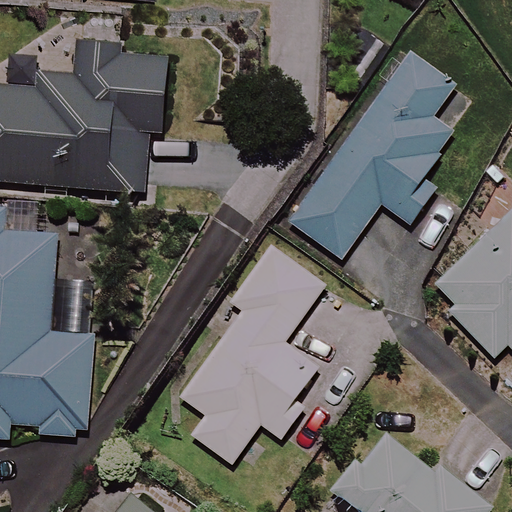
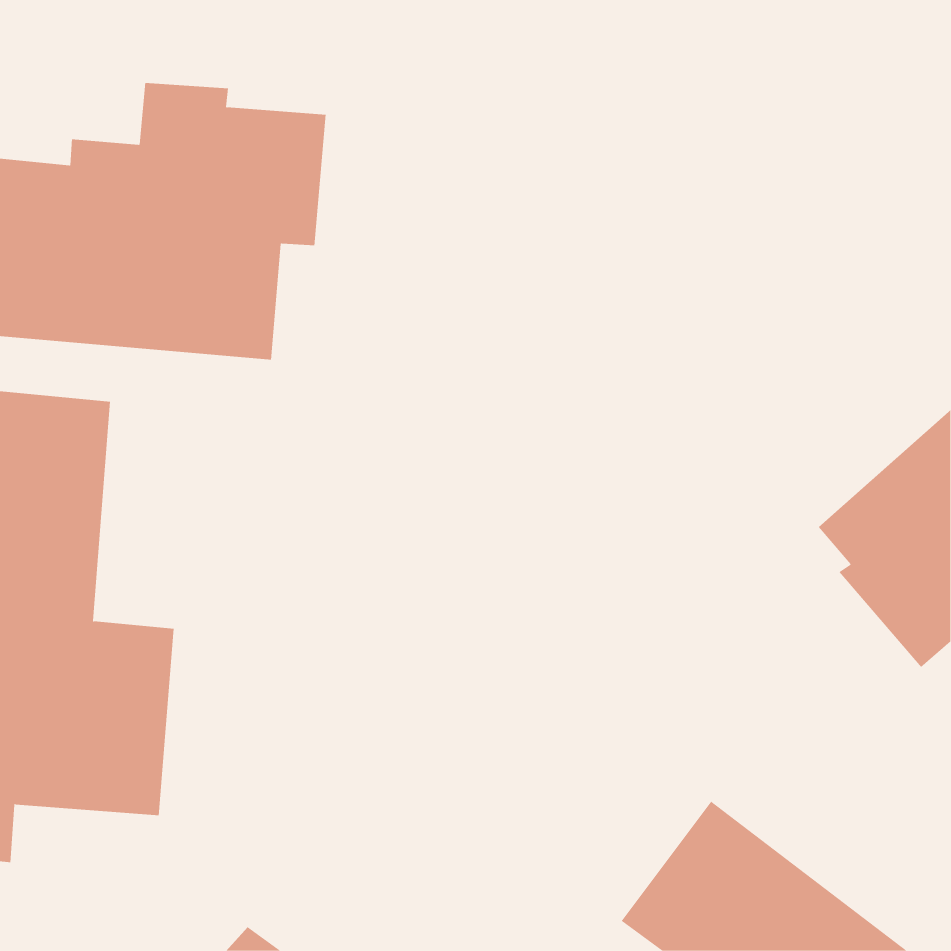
building: [289,54,456,258] -> none
building: [180,249,321,463] -> none

